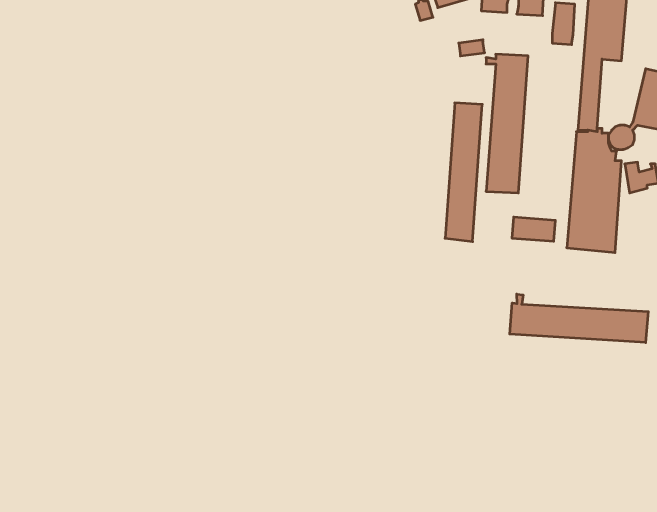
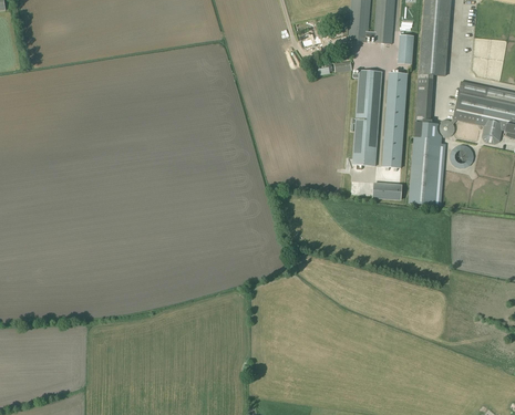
building: [445,103,482,242] -> [382,72,408,167]
building: [510,294,648,343] -> none

